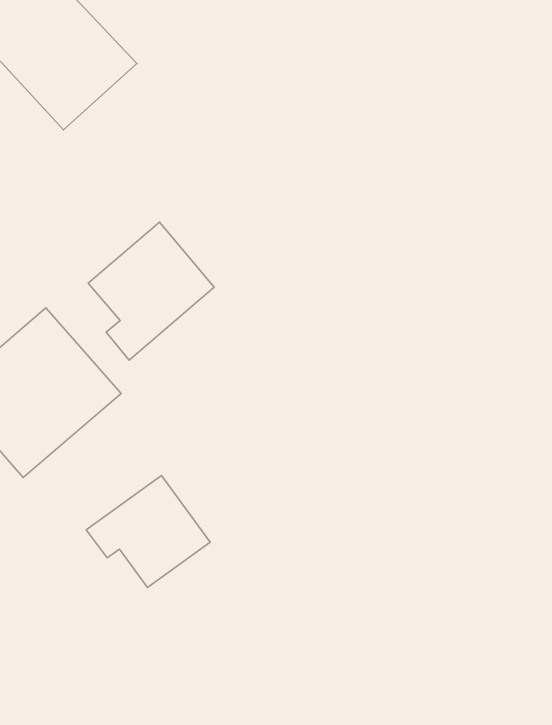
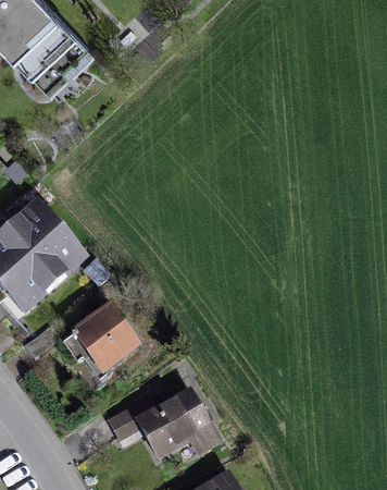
building: [88,222,214,360] -> none
building: none -> [111,390,219,457]

